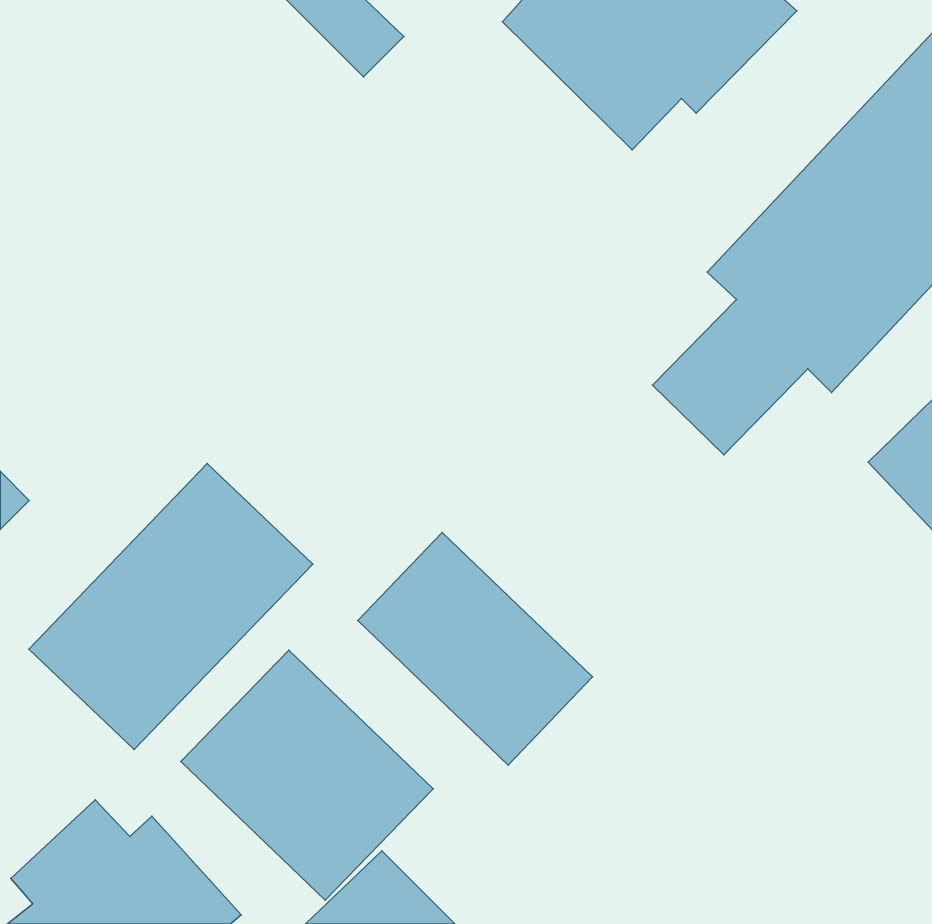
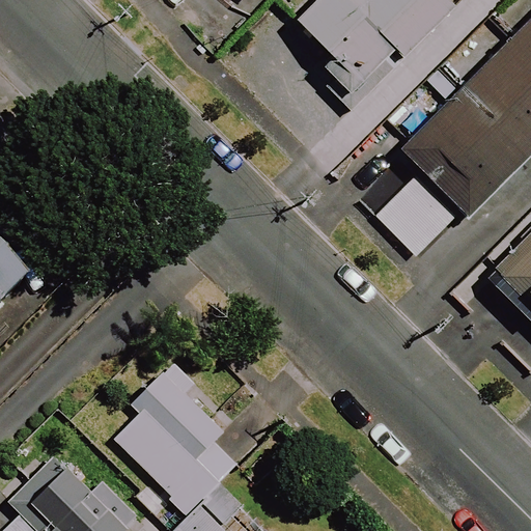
building: [29,464,313,750] -> none
building: [358,532,592,765] -> none

